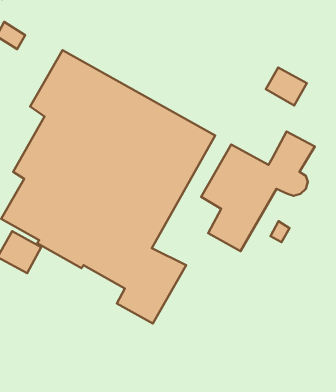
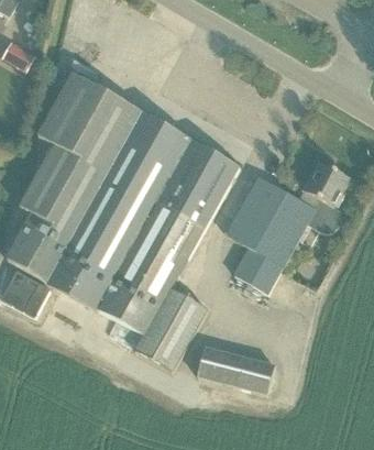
building: [266,67,307,105] -> none
building: none -> [197,344,274,397]

